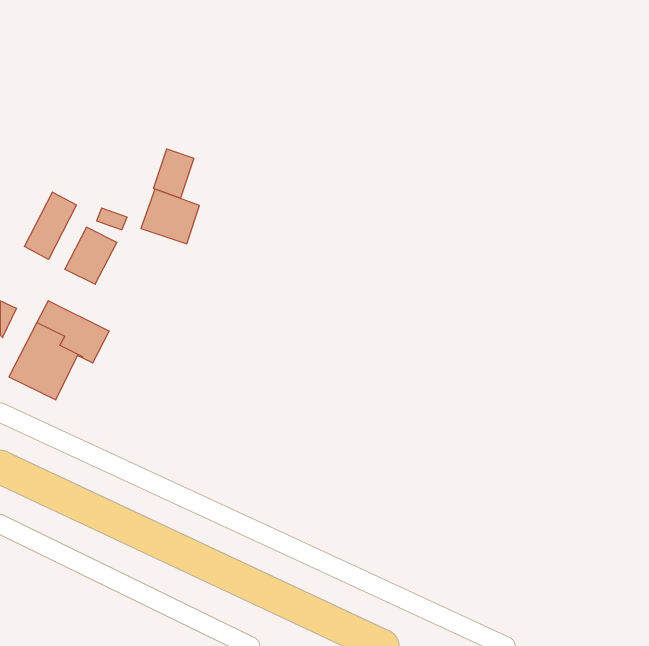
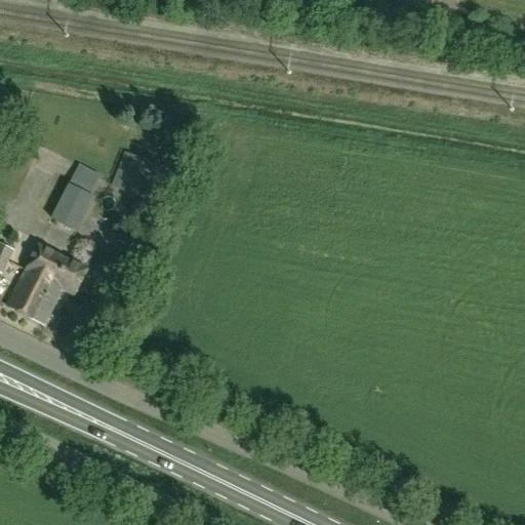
building: [154,149,194,198] -> none
building: [24,192,76,259] -> none

